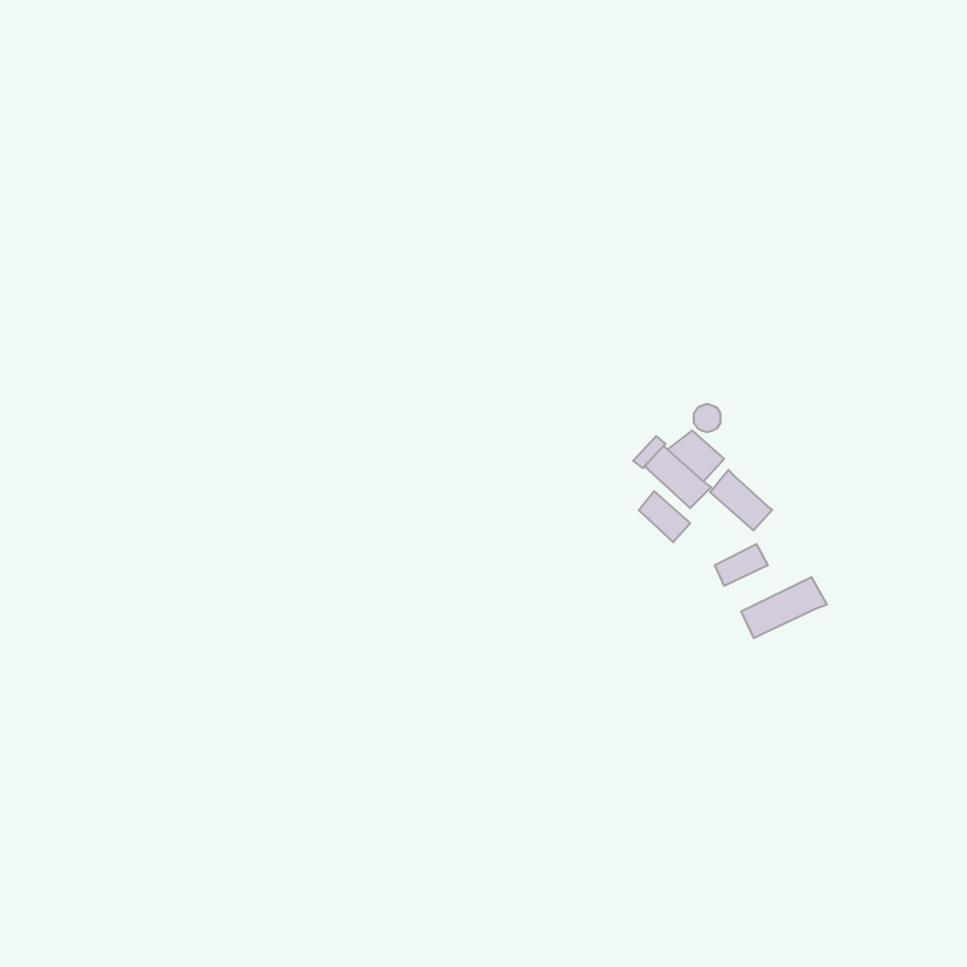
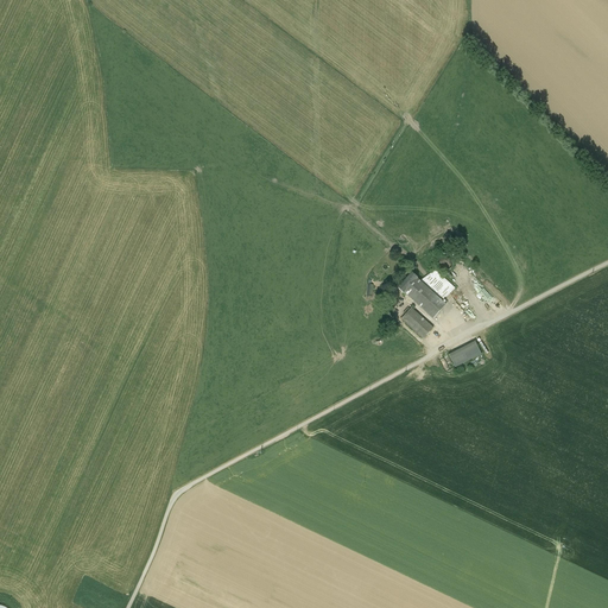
building: [710,470,772,531] -> none
building: [741,577,827,638] -> none

